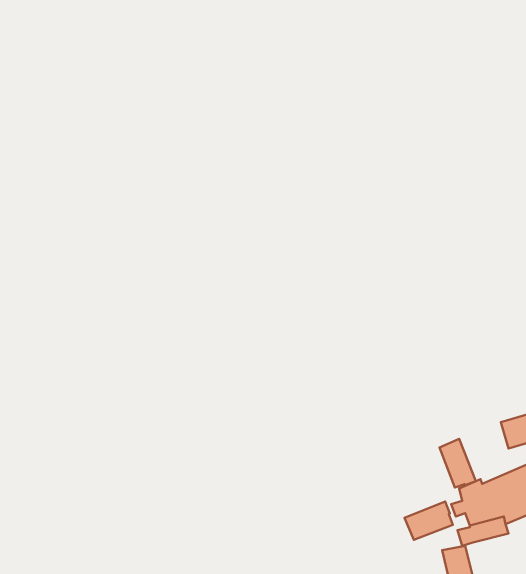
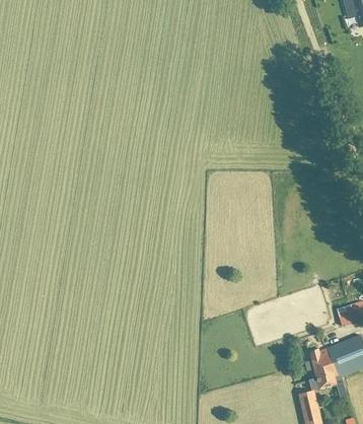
building: [440,439,476,488] -> none
building: [404,501,453,540] -> none

